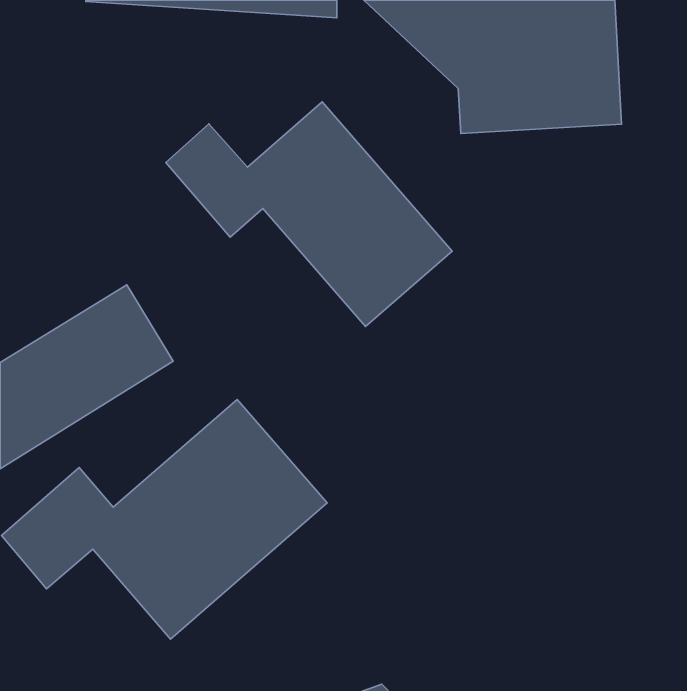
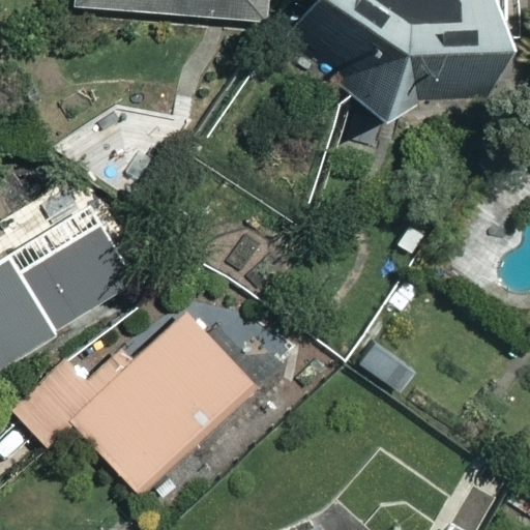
building: [166,102,452,326] -> none

